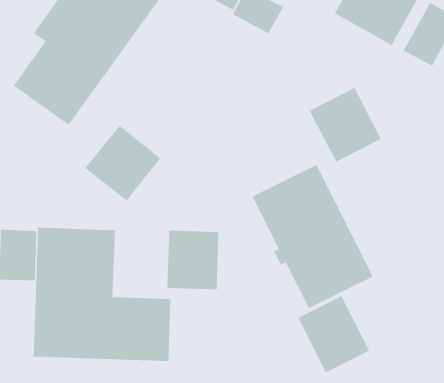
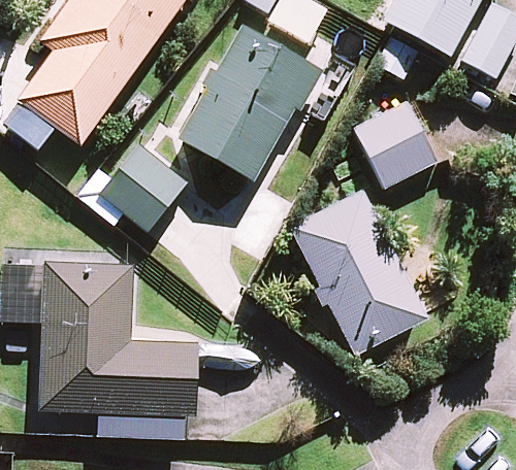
building: none -> [176,25,323,179]
building: [167,230,219,290] -> none
building: [297,295,370,373] -> none

